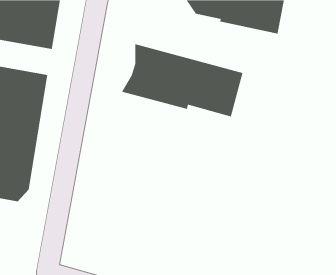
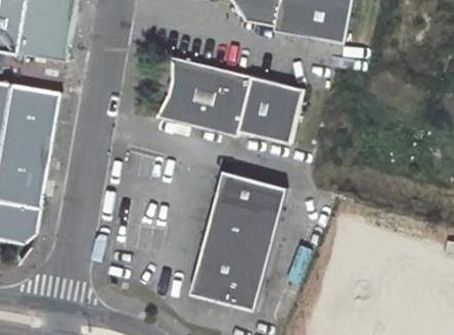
building: none -> [189,170,283,308]

